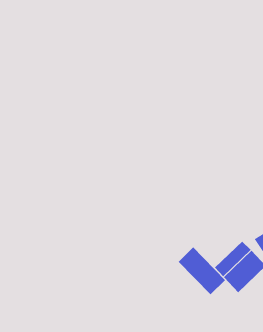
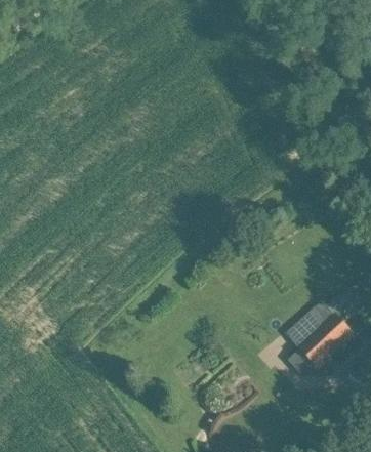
building: [178,247,226,295] -> none

